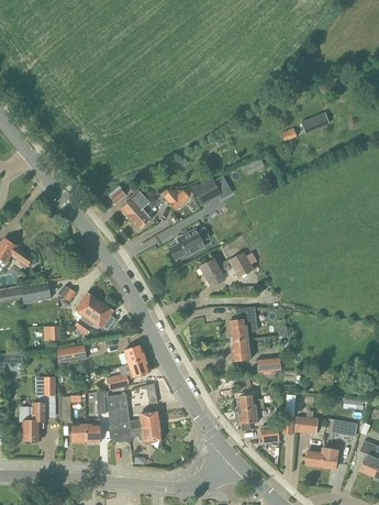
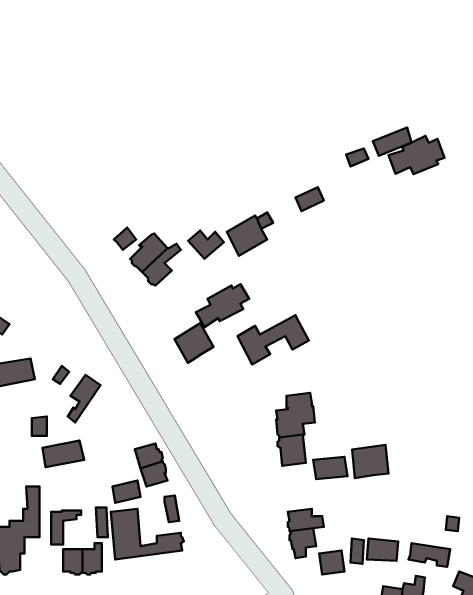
building: none -> [388,136,445,174]
building: none -> [174,323,213,363]
building: [80,303,115,334] -> none
building: none -> [352,445,388,478]
building: [110,425,163,442] -> none

